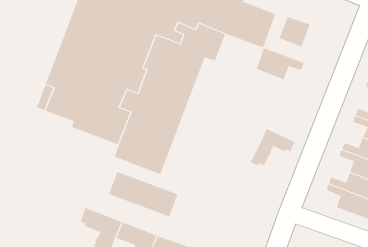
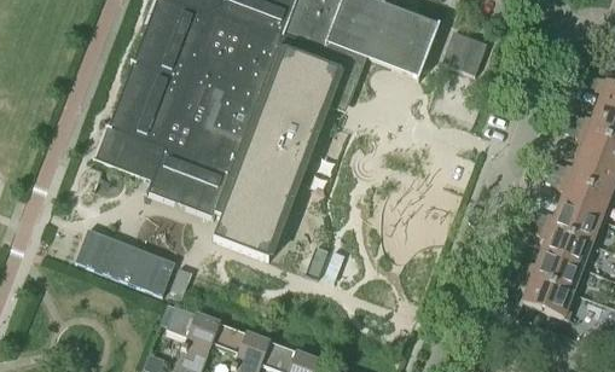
building: [256,48,304,80] -> none
building: [250,128,295,166] -> none
building: [108,171,178,217] -> [76,223,175,289]

